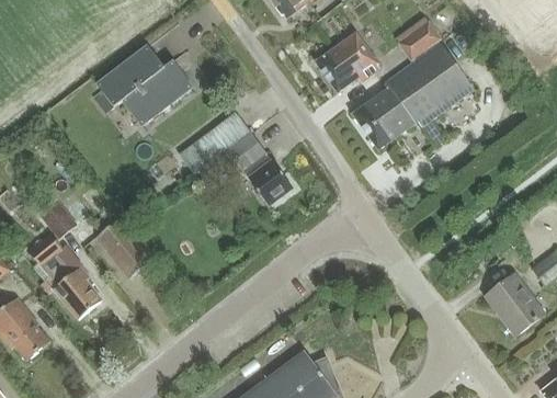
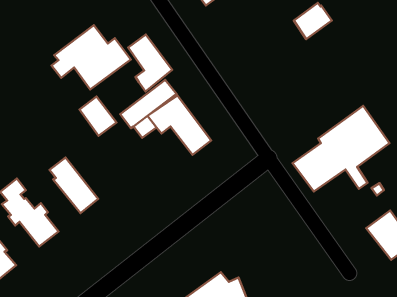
building: [315,31,380,91] -> none
building: [352,42,473,148] -> [293,106,390,192]
building: none -> [128,34,172,91]
building: none -> [79,96,116,136]
building: [37,196,78,239] -> none

